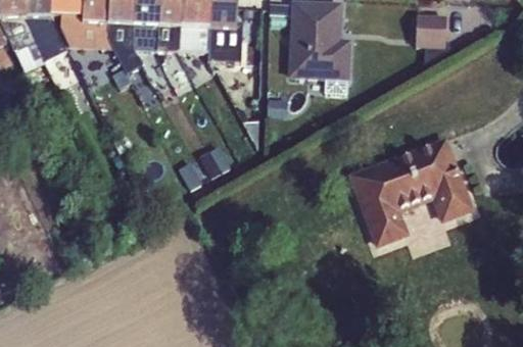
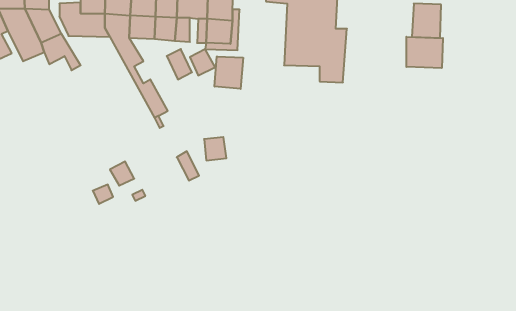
building: none -> [406,37,443,68]
building: none -> [215,56,243,89]
building: [346,137,473,248] -> none

